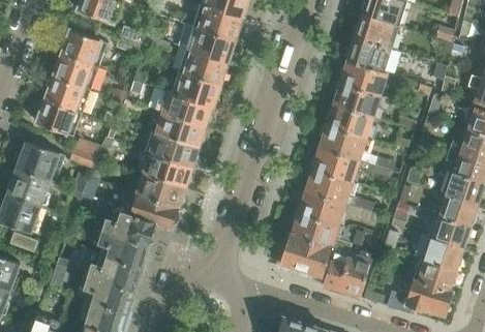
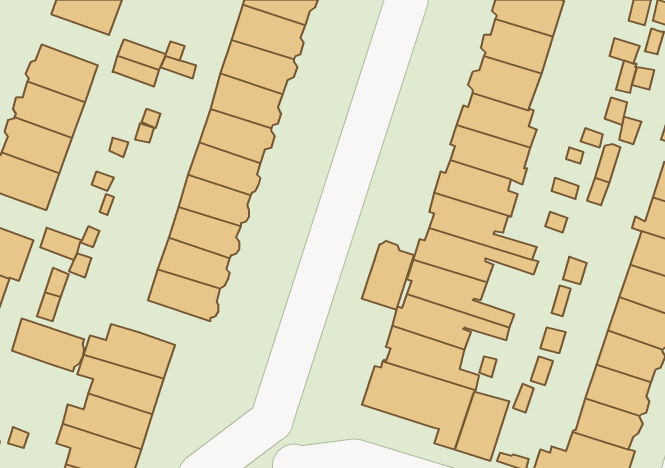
building: none -> [362,241,414,310]
building: [132,193,179,228] -> [12,319,84,372]

